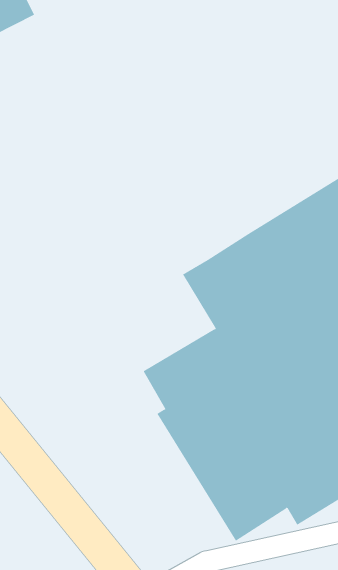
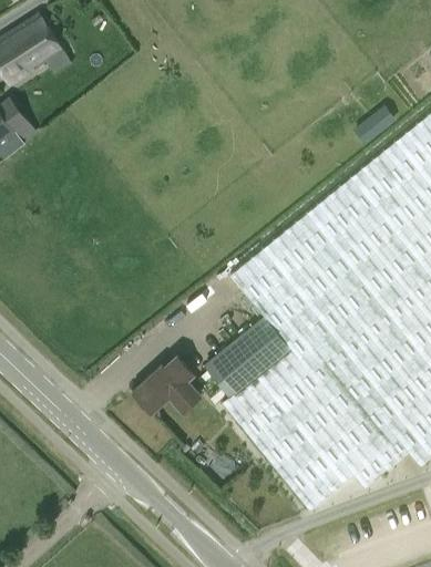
building: none -> [134,358,201,415]

